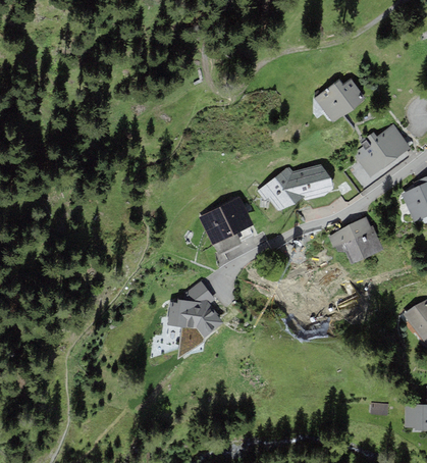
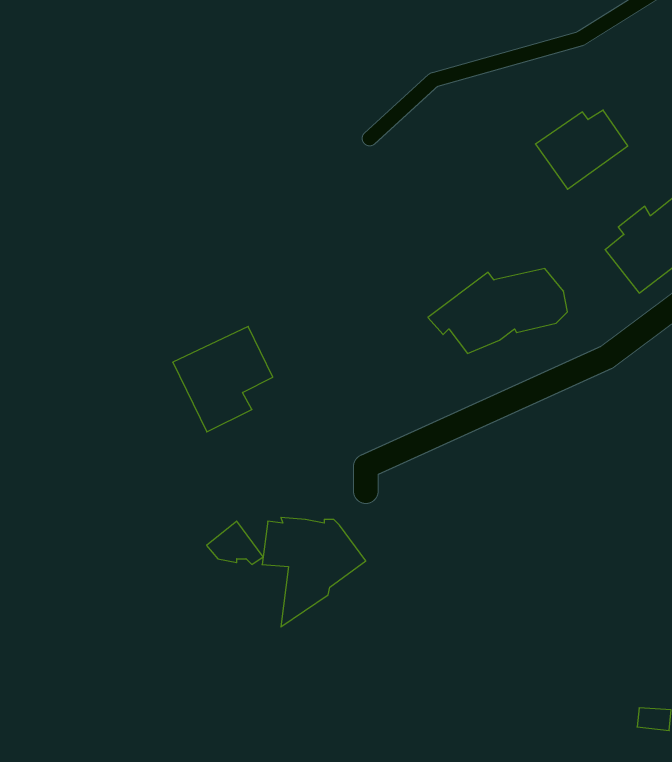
building: [199,197,253,254] -> [173,326,273,432]
building: [328,216,383,264] -> none
building: [184,279,215,303] -> [207,521,263,564]

